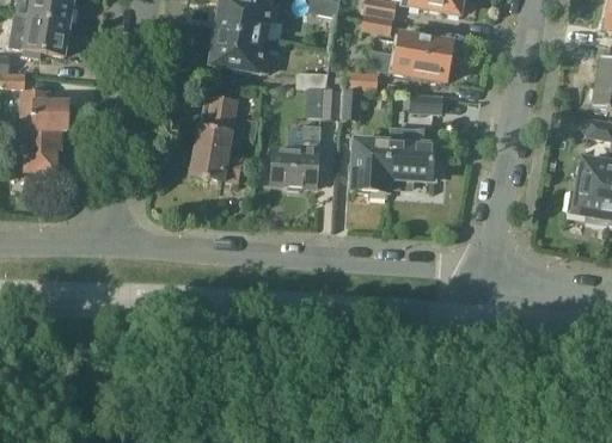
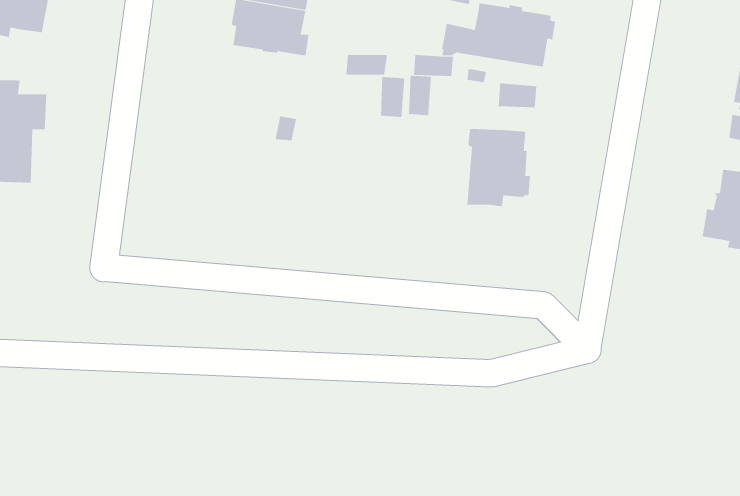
building: [191,94,241,181] -> none
building: [270,125,322,190] -> none
building: [350,139,391,196] -> none

